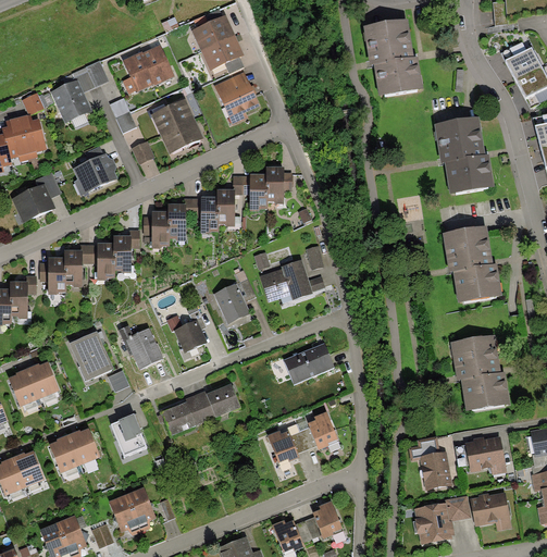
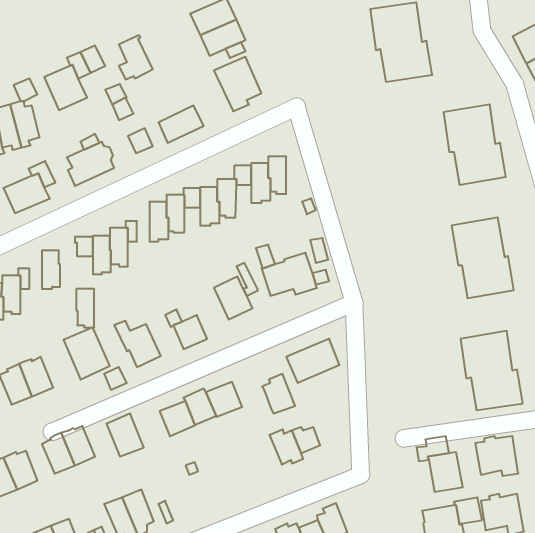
building: [140,45,174,86] -> none
building: [150,99,194,135] -> none
building: [64,250,82,287] -> [76,289,94,327]
building: [307,411,338,449] -> [262,374,295,414]

